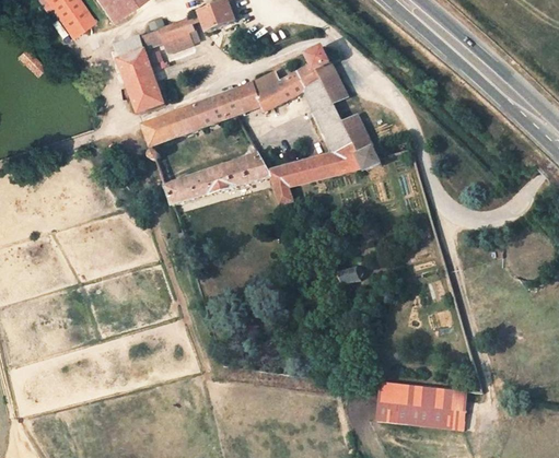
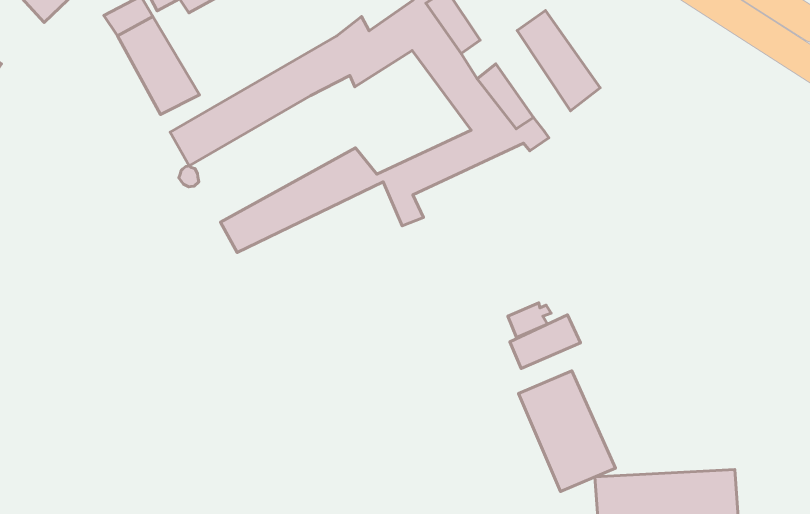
building: none -> [517,10,600,111]
building: none -> [510,315,580,368]
building: none -> [518,371,616,492]

